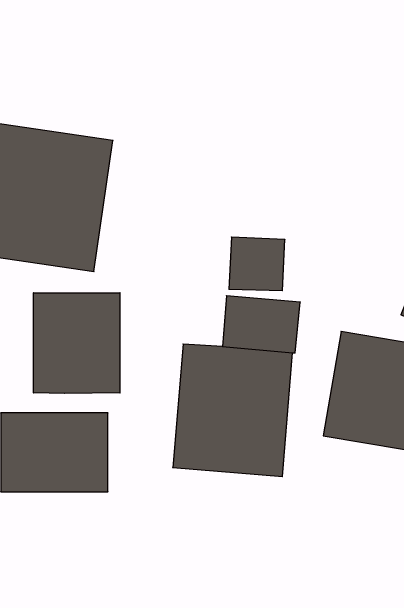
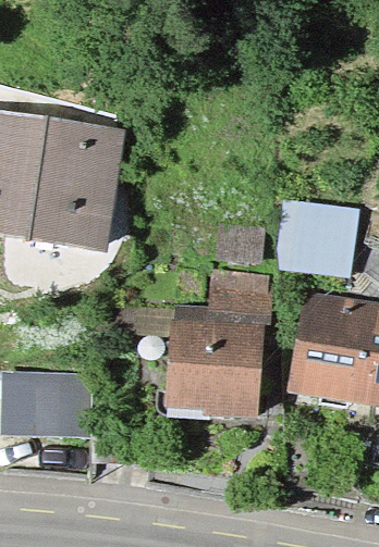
building: none -> [276,197,354,275]
building: [34,293,120,393] -> none

